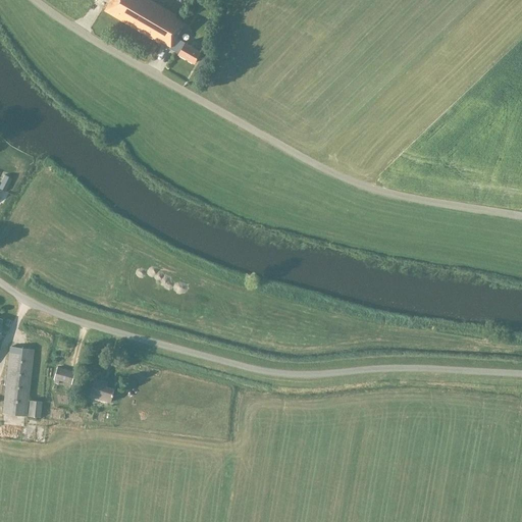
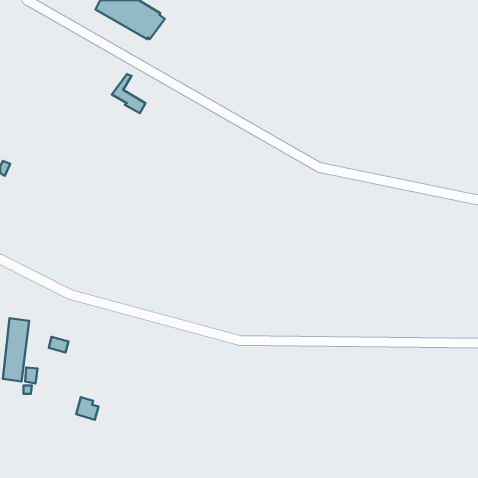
building: [164,20,201,63] -> [112,74,146,113]
building: [90,378,114,403] -> [76,397,99,420]

